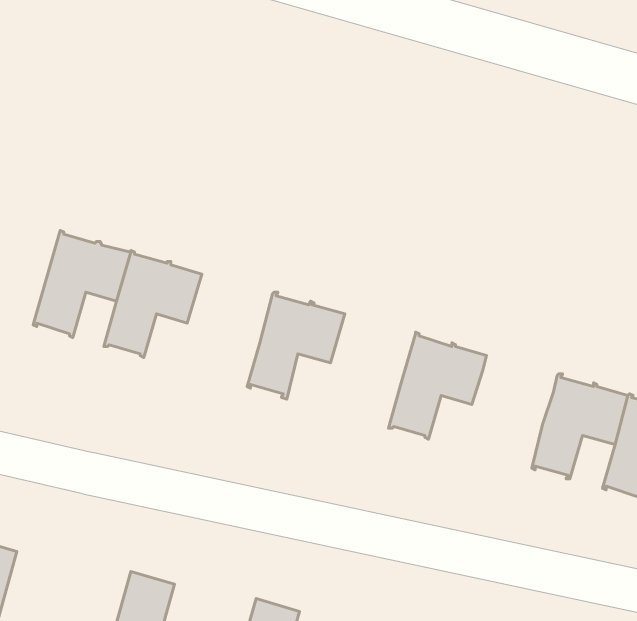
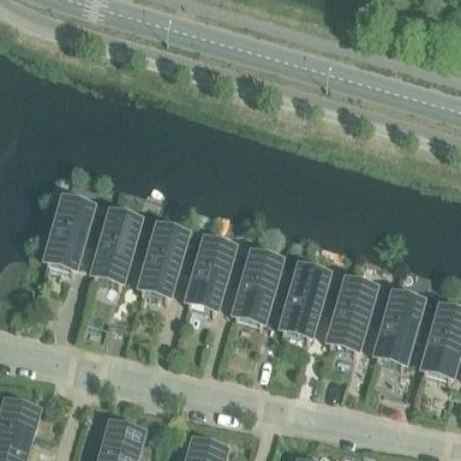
building: none -> [139,223,204,294]
building: none -> [234,251,299,322]
building: none -> [328,277,393,348]

